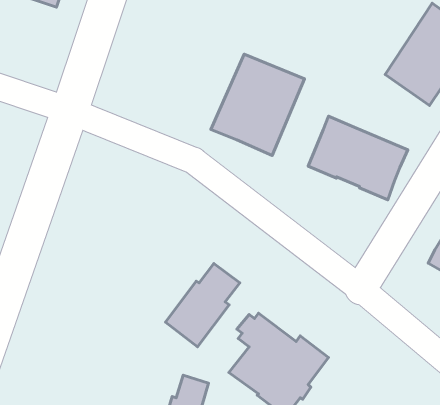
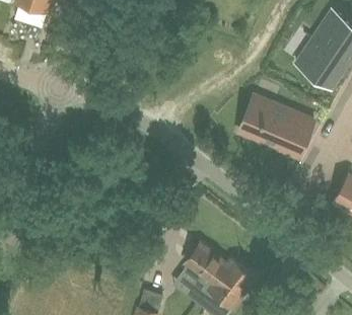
building: [211,54,304,155] -> none
building: [165,264,240,347] -> none

